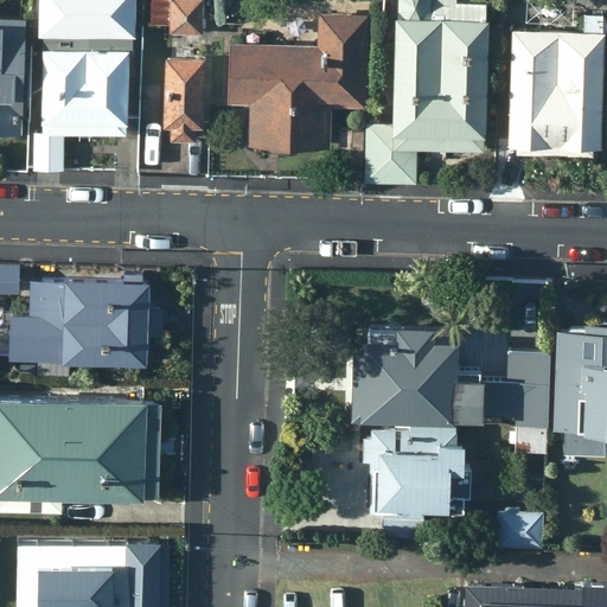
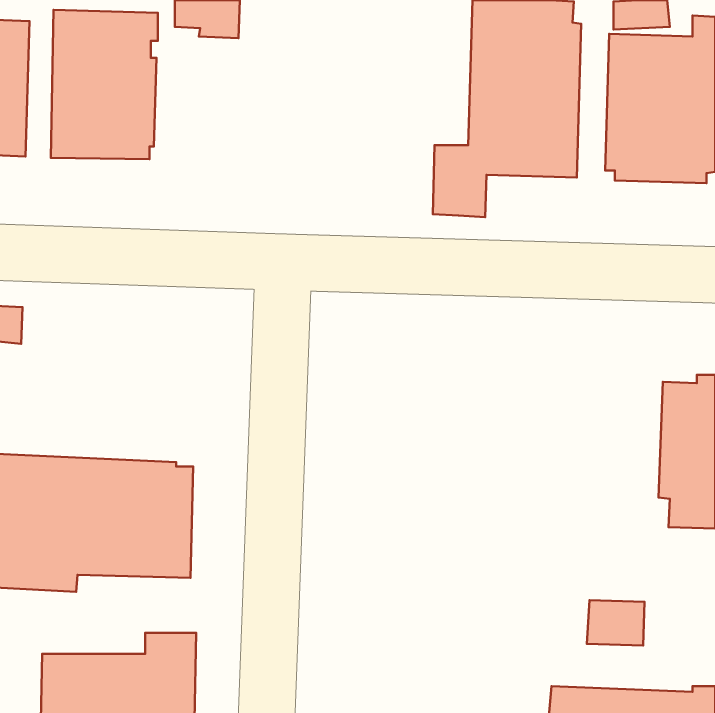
building: [228,17,370,151] -> none
building: [162,62,205,146] -> none
building: [8,274,162,362] -> none
building: [353,319,487,415] -> none
building: [501,344,550,453] -> none
building: [363,421,472,515] -> none

